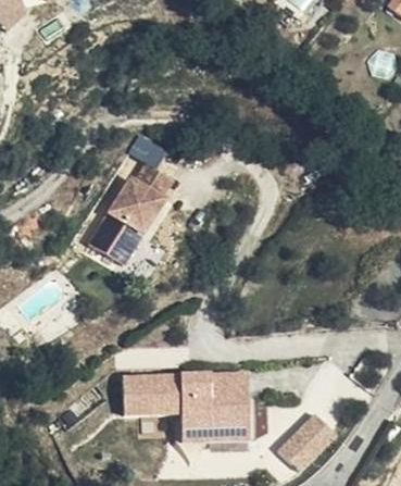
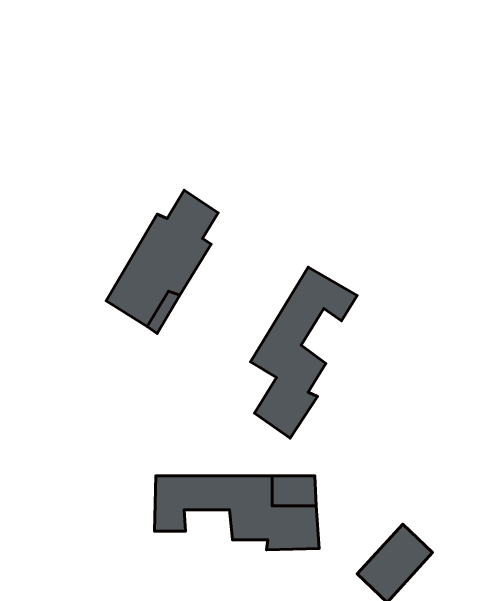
building: none -> [251,267,357,438]
building: [148,399,212,441] -> none

